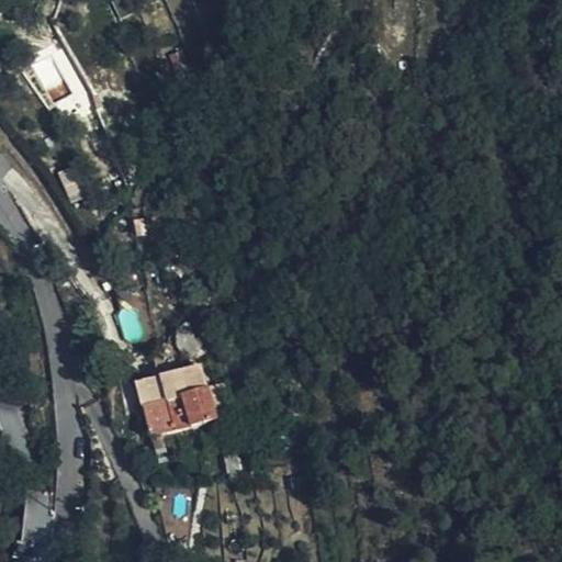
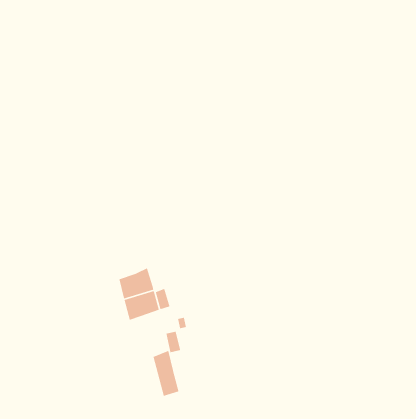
building: [136,374,172,437] -> [152,350,180,397]

